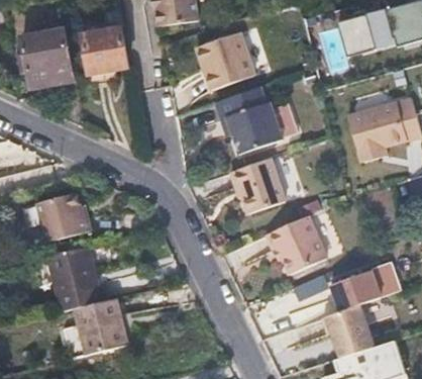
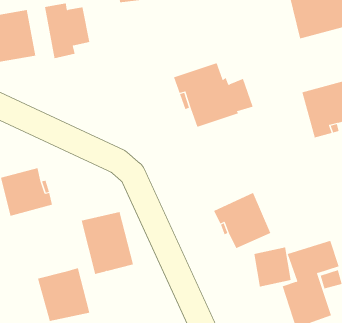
building: [198,32,255,89] -> none
building: [230,157,285,212] -> none
building: [48,247,103,311] -> [81,212,134,274]

